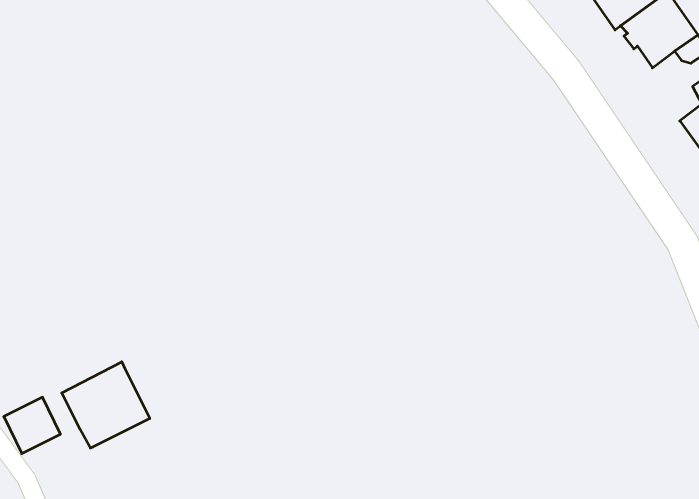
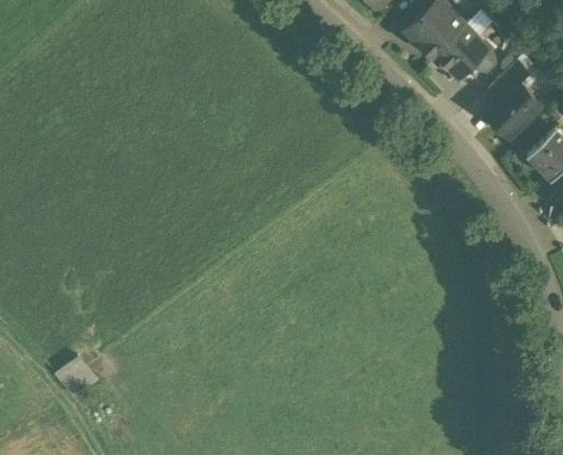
building: [62,362,150,448] -> none

